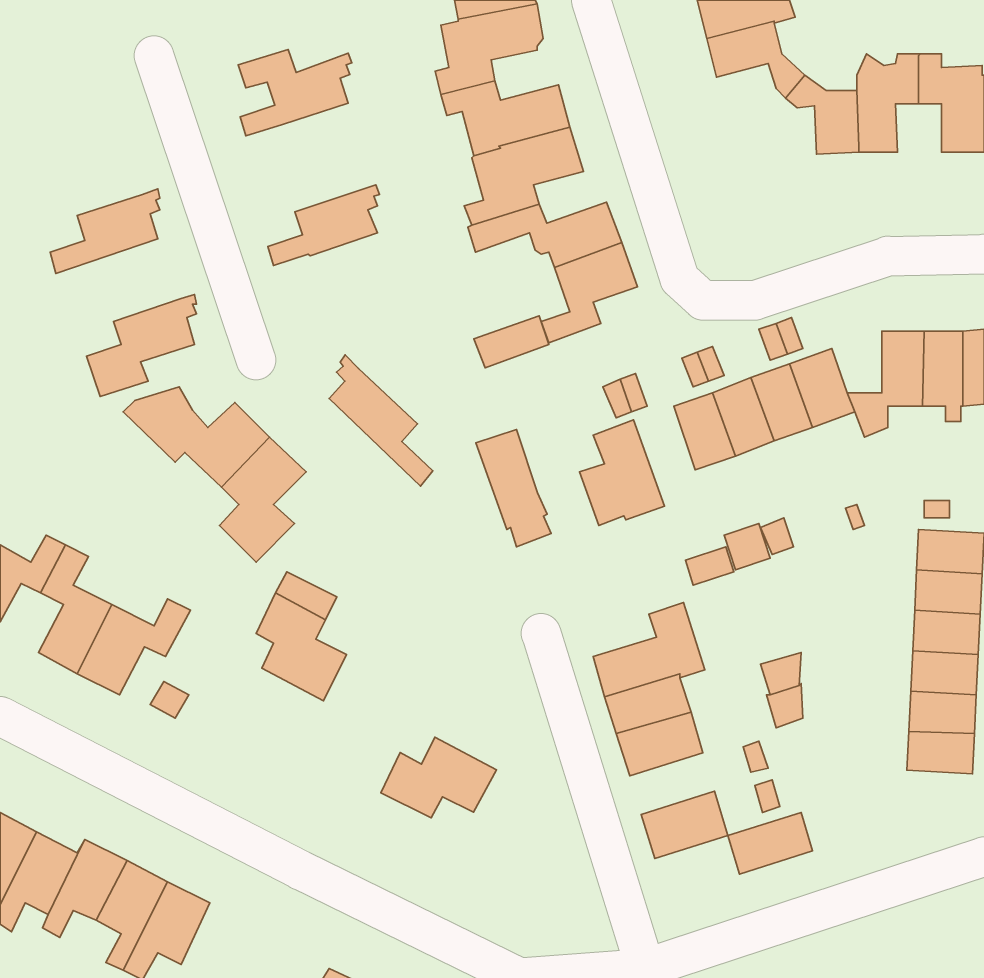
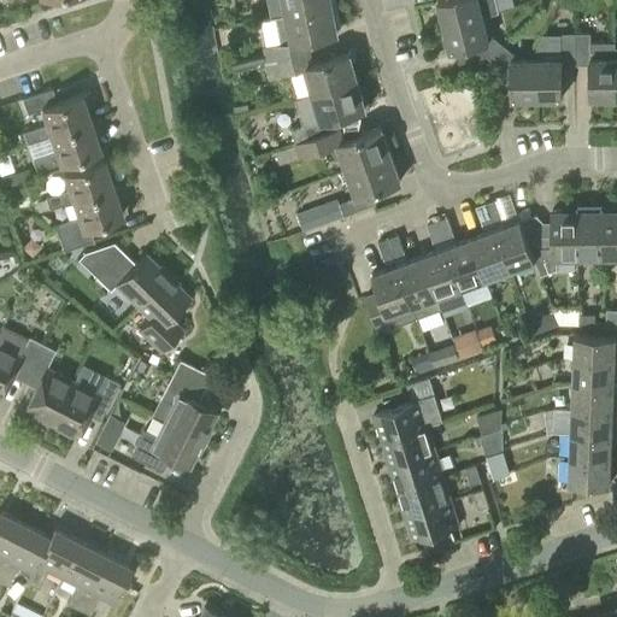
building: [238,49,352,136] -> [20,92,92,146]
building: [268,185,380,266] -> [45,160,114,211]
building: [329,355,433,486] -> none
building: [476,429,551,547] -> [396,258,443,331]
building: [381,737,496,818] -> [130,422,202,472]
building: [728,812,813,874] -> [394,475,447,513]

